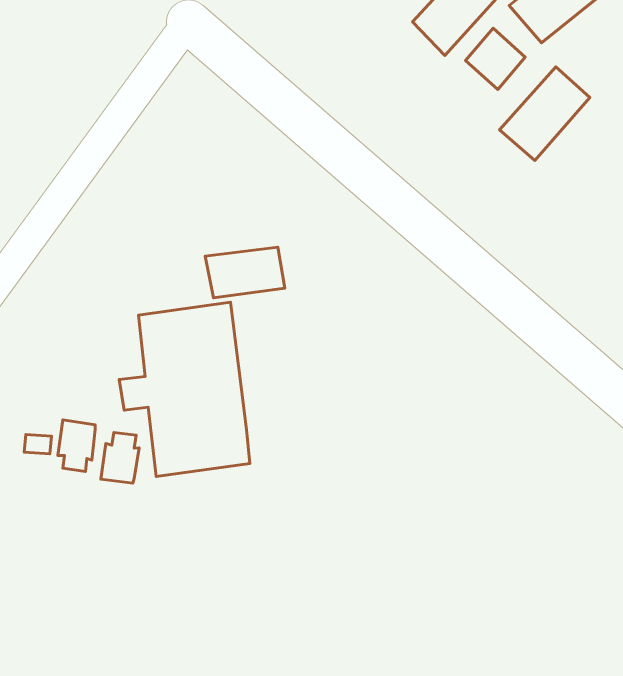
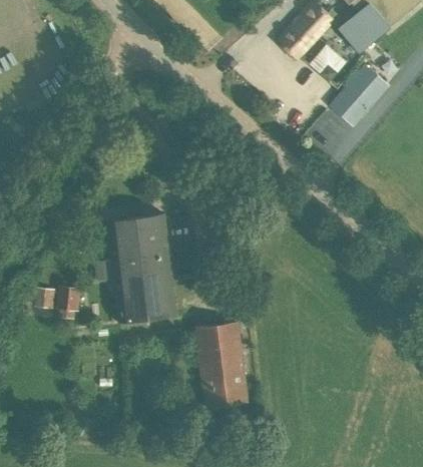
building: [205,247,285,298] -> none
building: [101,432,139,483] -> none
building: none -> [194,322,247,406]

